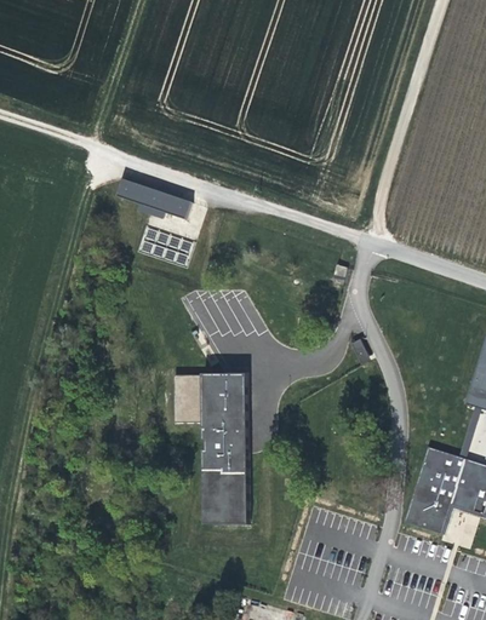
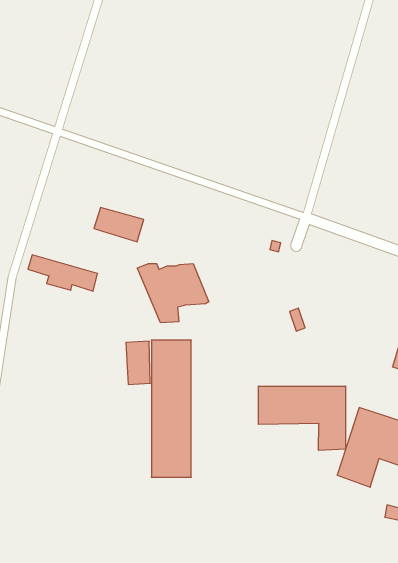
building: [116,179,193,219] -> [28,255,98,291]
building: none -> [258,386,346,450]

